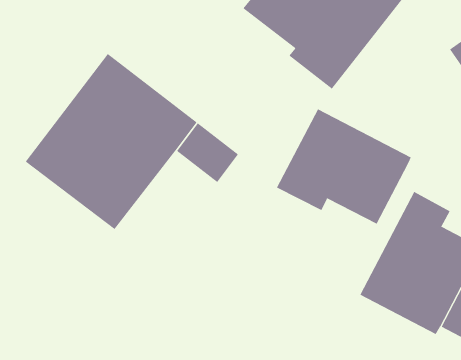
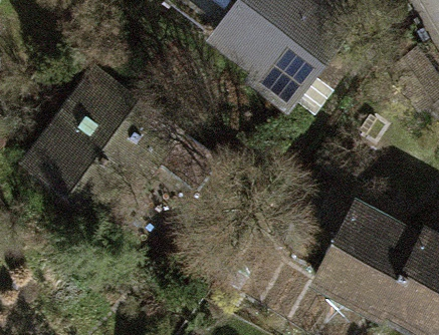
building: [276,108,412,225] -> none

